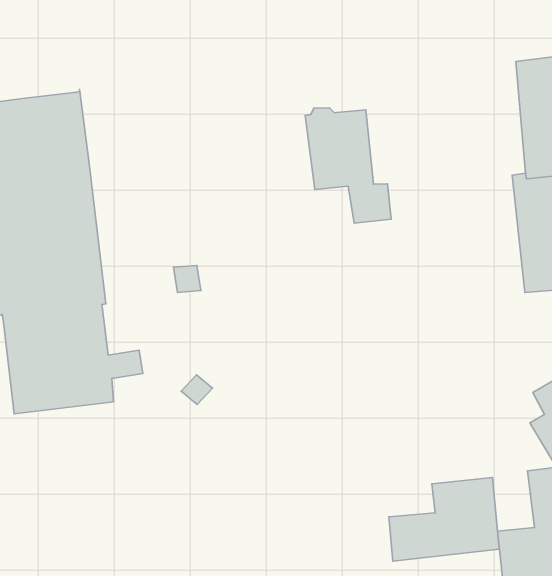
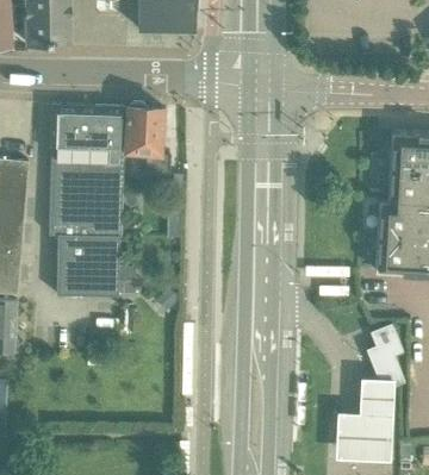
building: [305,108,391,223] -> [126,104,170,177]
building: [389,477,499,561] -> none

